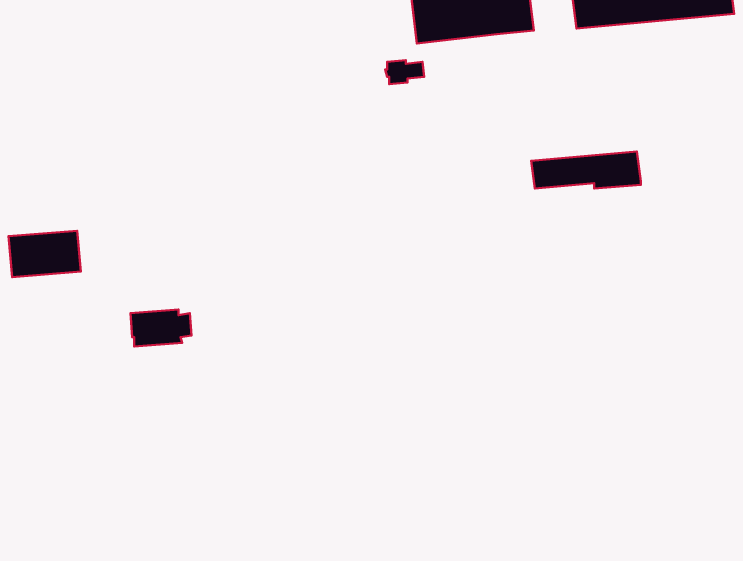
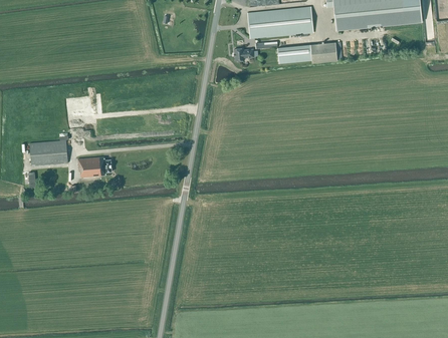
building: [531,151,641,189] -> [277,43,337,63]
building: [130,310,192,347] -> [77,157,110,178]

